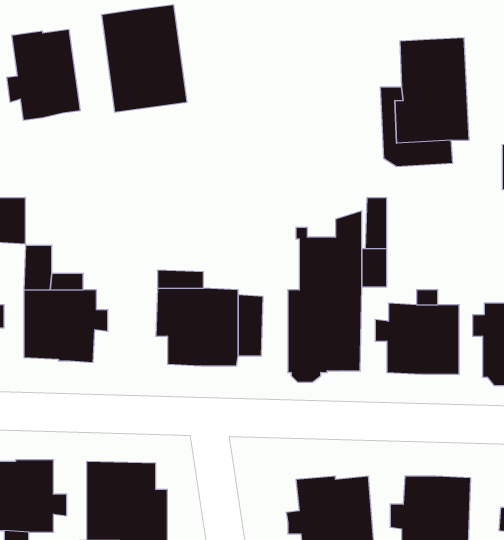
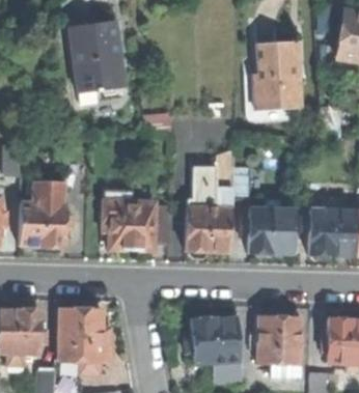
building: [7,29,80,120] -> none

